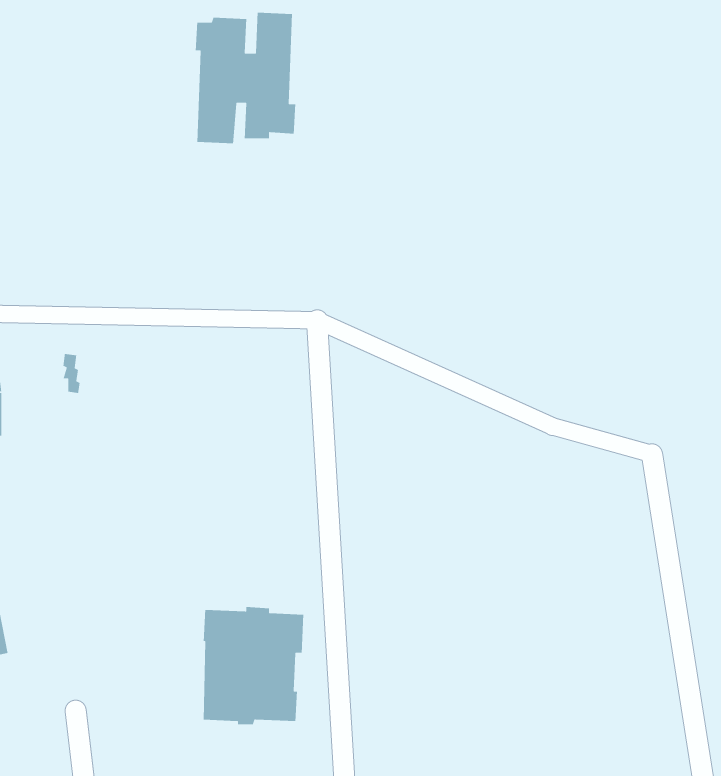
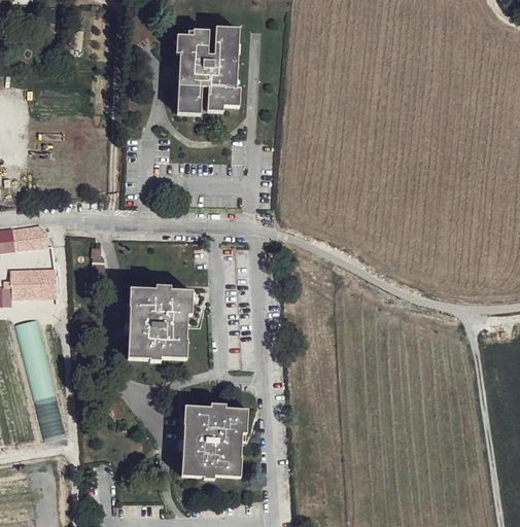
building: none -> [126,286,194,362]

